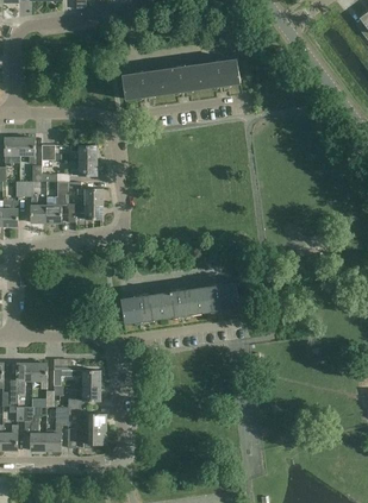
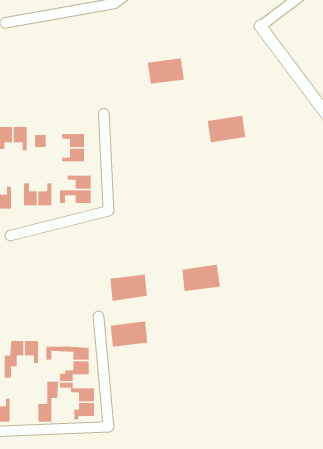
building: [198,58,239,88] -> [207,115,246,143]
building: [123,69,164,99] -> none
building: [160,288,200,316] -> [110,321,148,348]
building: [24,405,45,449] -> none

